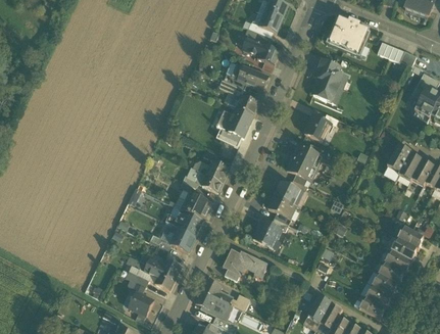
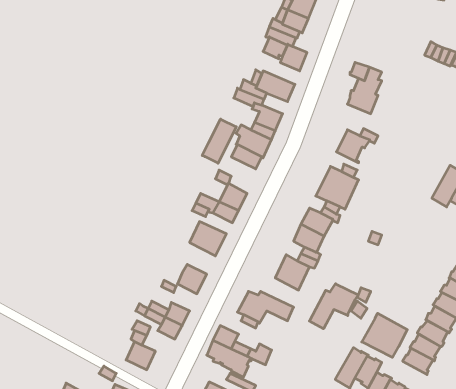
building: [326,15,372,57] -> none
building: none -> [202,119,236,163]
building: [175,208,203,235] -> none
building: none -> [309,284,358,329]
building: none -> [362,313,407,357]

